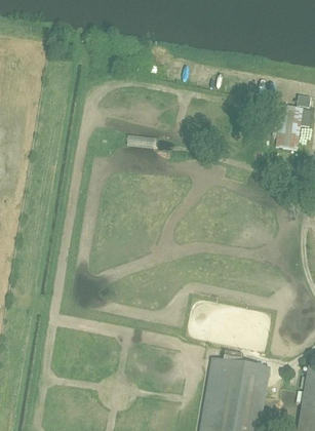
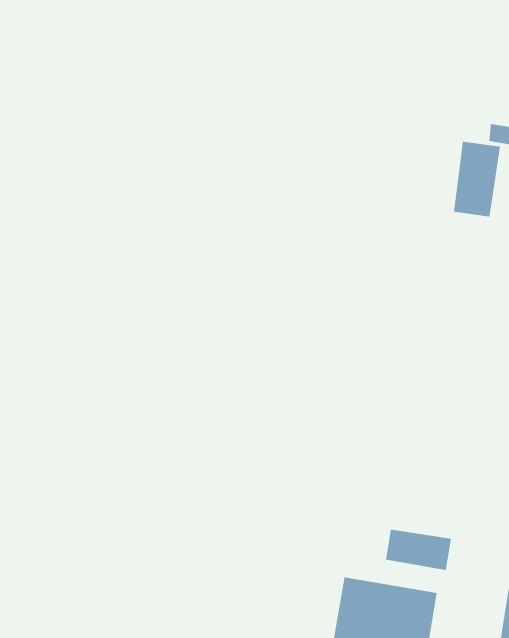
building: none -> [385,529,452,571]

